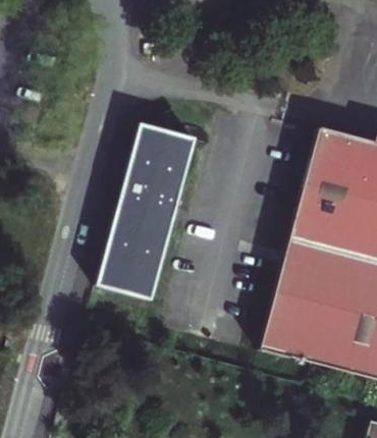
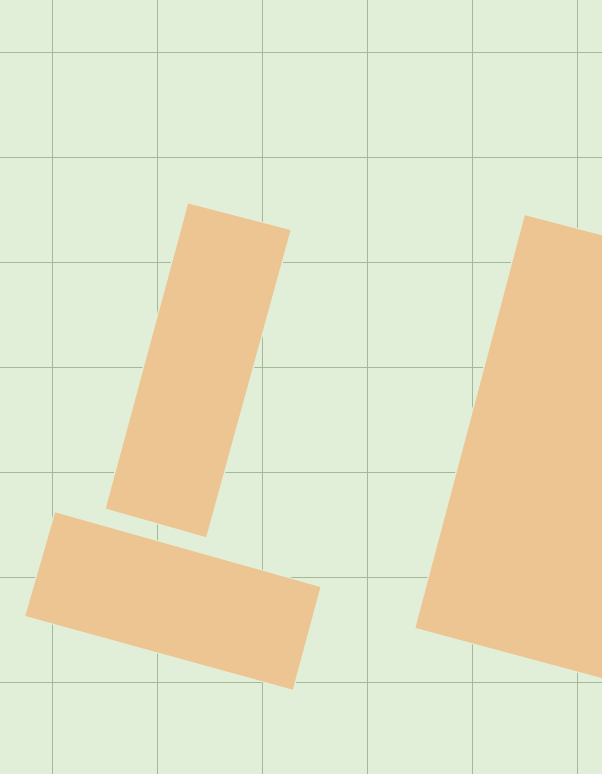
building: none -> [24,512,321,690]

